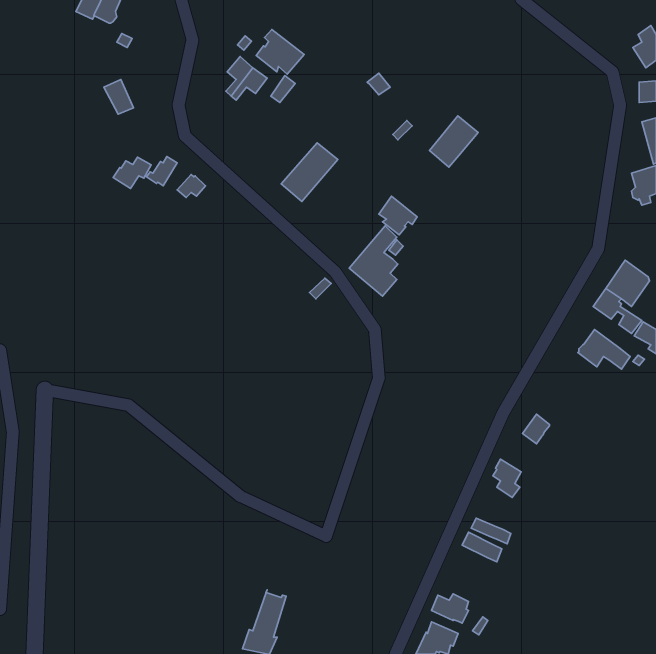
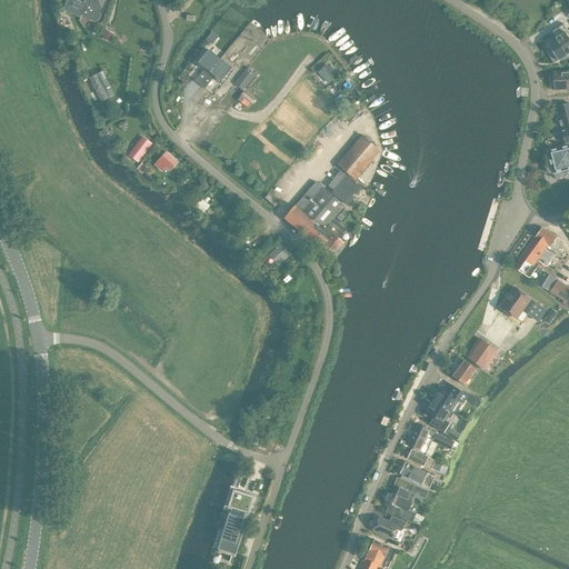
building: [256,29,304,74] -> none
building: [429,116,478,167] -> [338,136,380,180]
building: [281,143,338,202] -> [284,181,333,232]
building: [113,157,151,188] -> none
building: none -> [467,338,498,369]
building: none -> [433,385,468,412]
building: none -> [408,423,455,452]
building: none -> [386,477,429,521]

